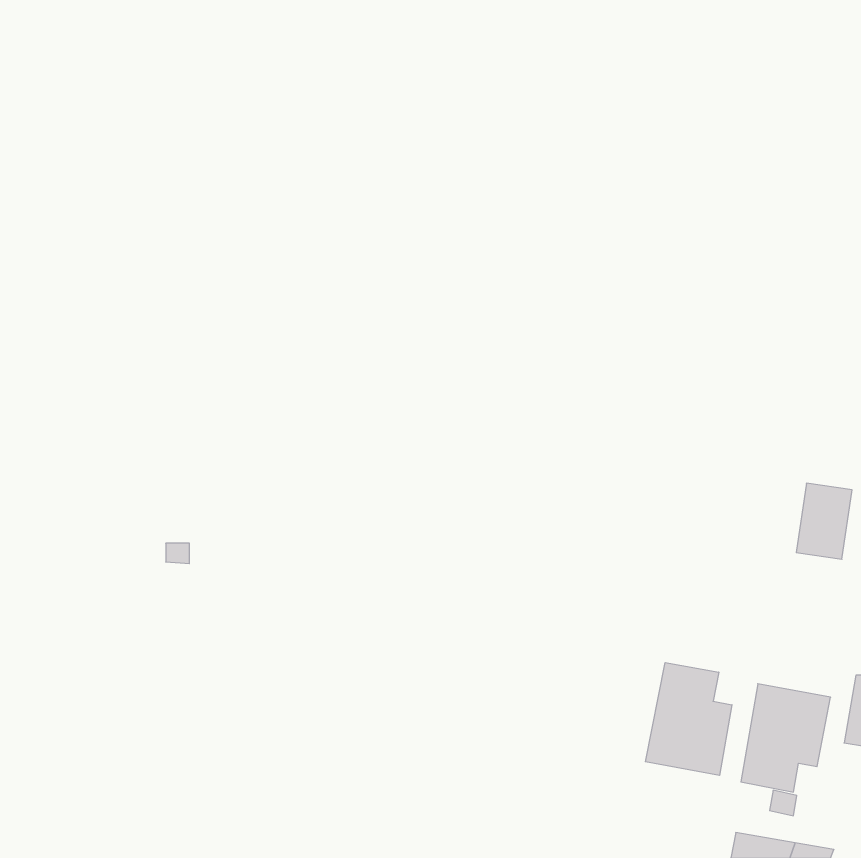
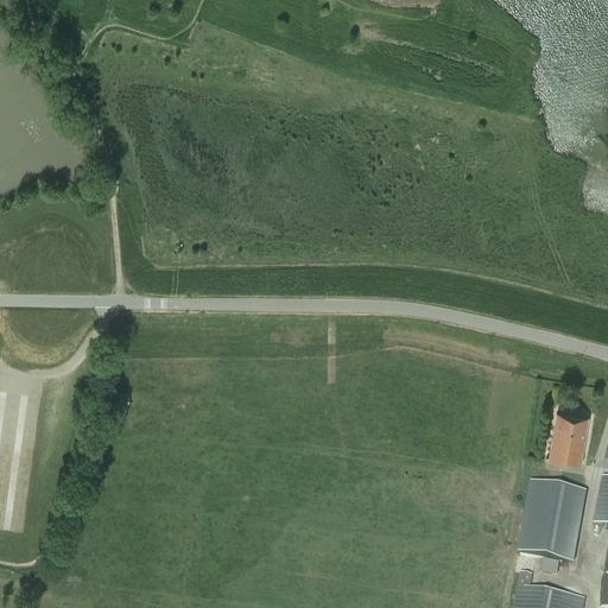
building: [796,483,852,559] -> [551,407,590,461]
building: [645,663,732,775] -> none

